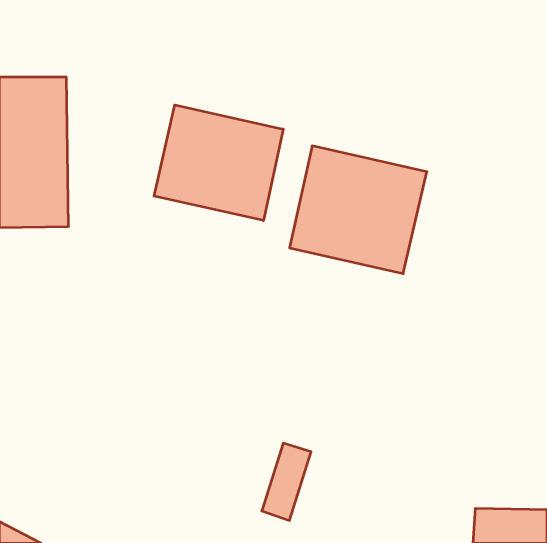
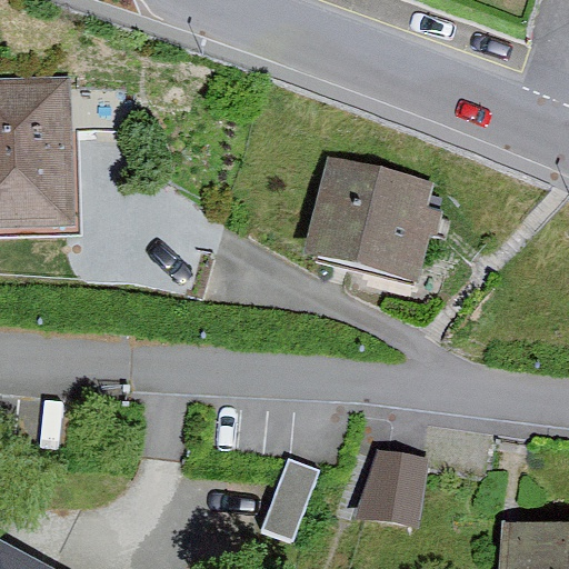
building: [154,105,283,221] -> none
building: none -> [365,446,437,530]

